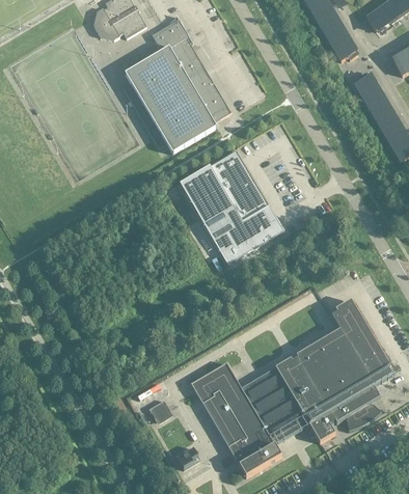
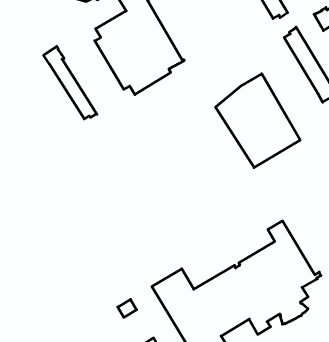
building: none -> [44,46,97,119]
building: [180,147,282,262] -> [216,74,300,168]

